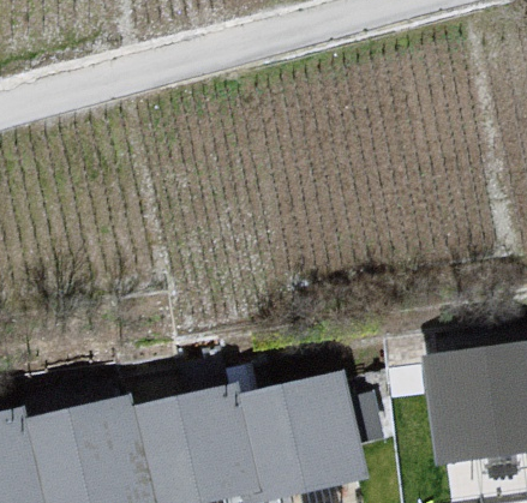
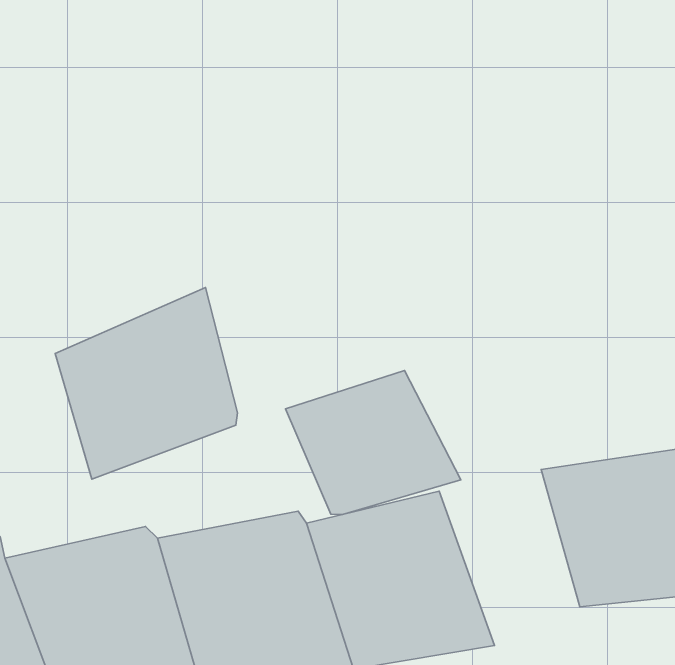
building: none -> [55,287,237,479]
building: none -> [285,371,461,514]

